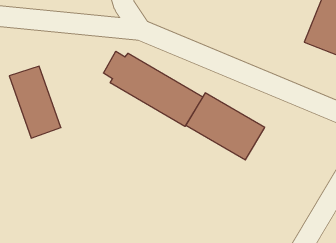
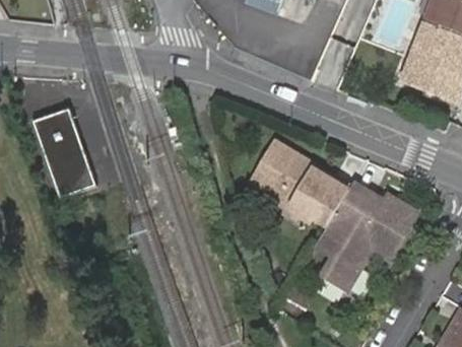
building: [103,51,203,126] -> none
building: none -> [315,184,417,290]

